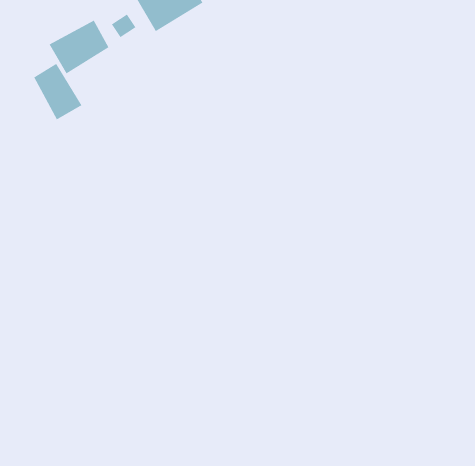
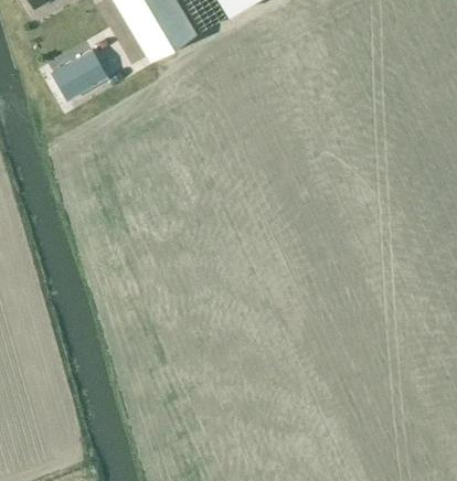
building: [33,63,83,121] -> none

